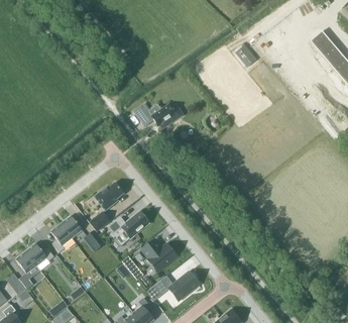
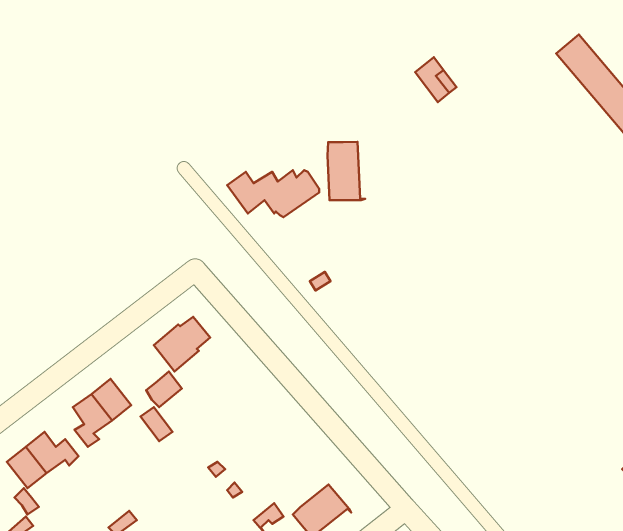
building: none -> [328,142,365,200]
building: [111,209,147,236] -> none
building: [141,238,177,271] -> none

